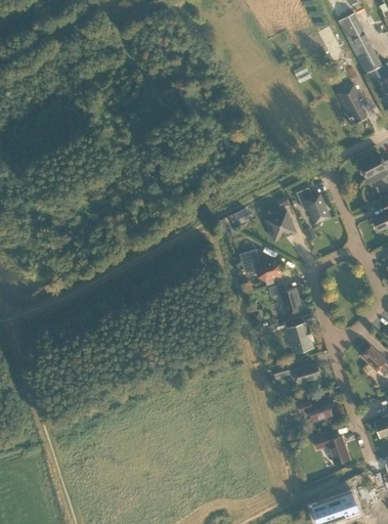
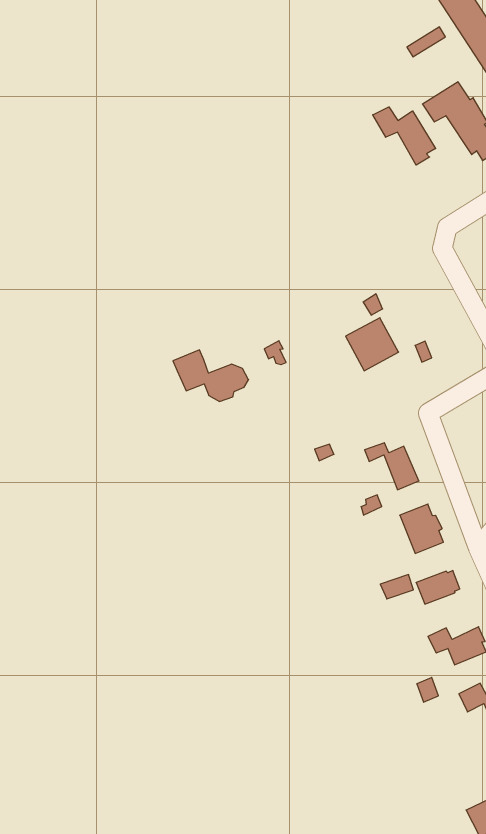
building: none -> [373,107,436,165]
building: [296,187,331,223] -> none
building: [240,249,284,280] -> [173,350,249,401]

